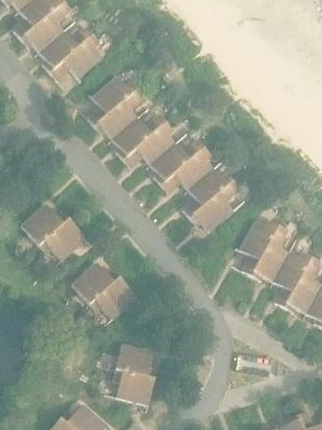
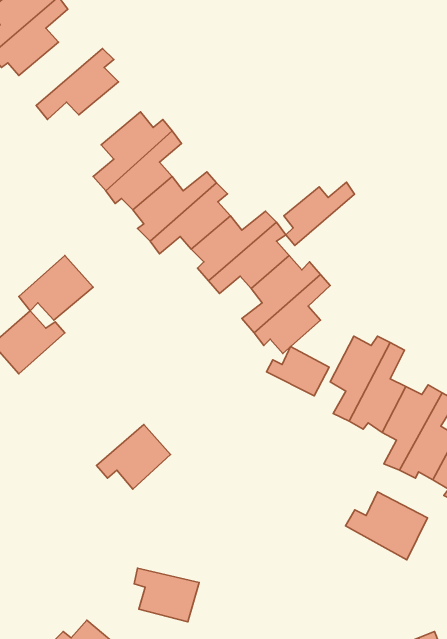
building: [38,26,92,71] -> none
building: none -> [284,182,355,245]
building: [38,218,86,260] -> [19,255,93,320]
building: none -> [267,347,329,396]
building: [71,262,118,304] -> none
building: none -> [345,492,428,560]
building: [114,343,156,379] -> none

